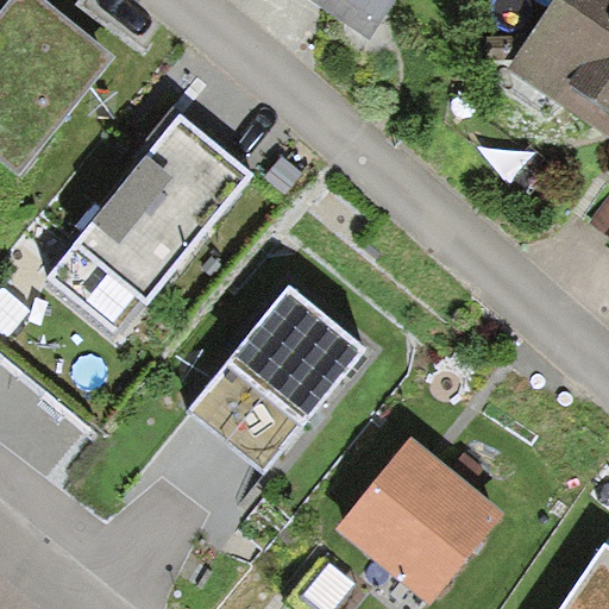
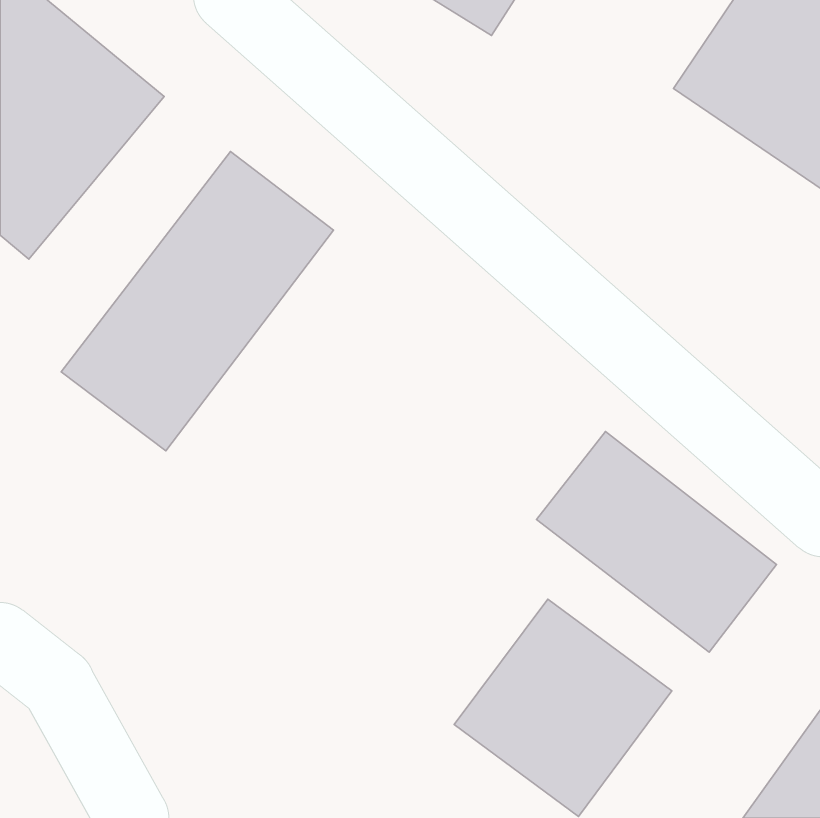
building: [182,264,385,479] -> none
building: none -> [537,432,777,652]

